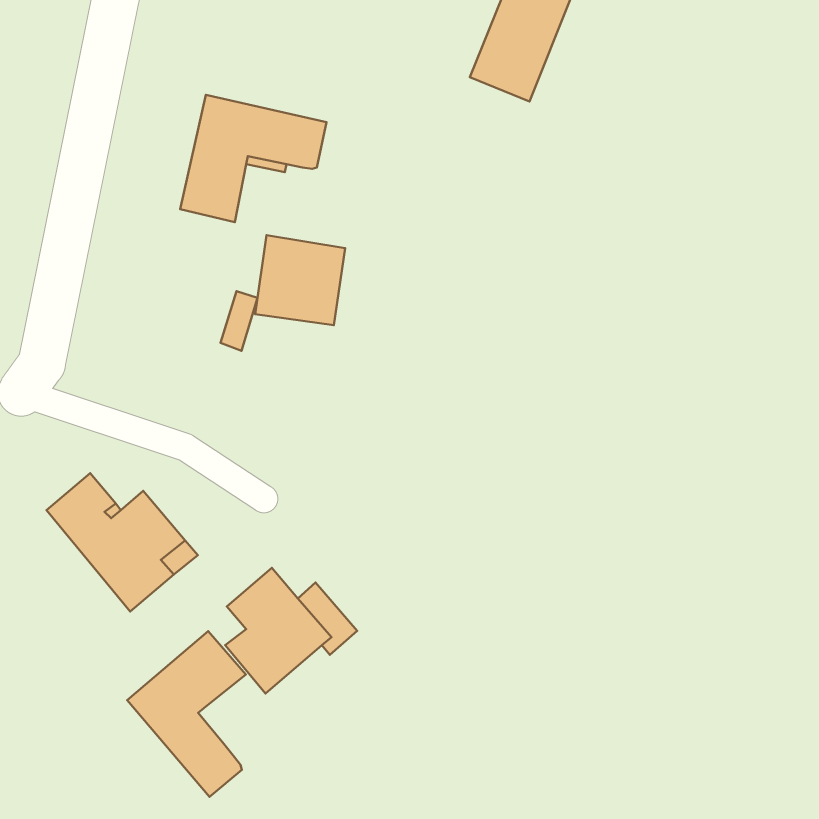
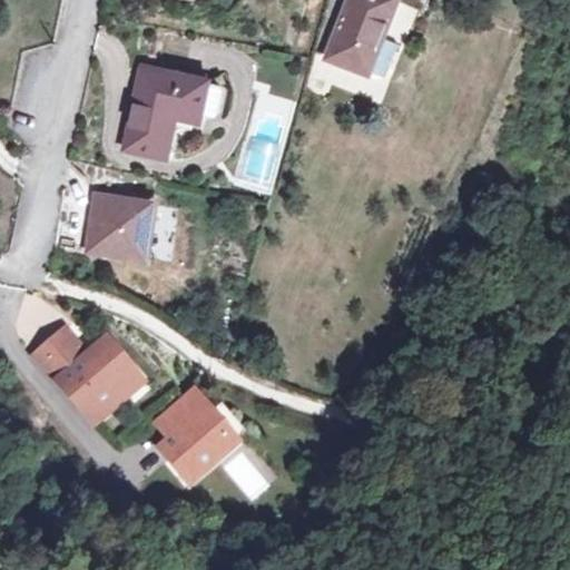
building: [255,235,345,325] -> [87,194,149,256]
building: [127,631,246,797] -> none

